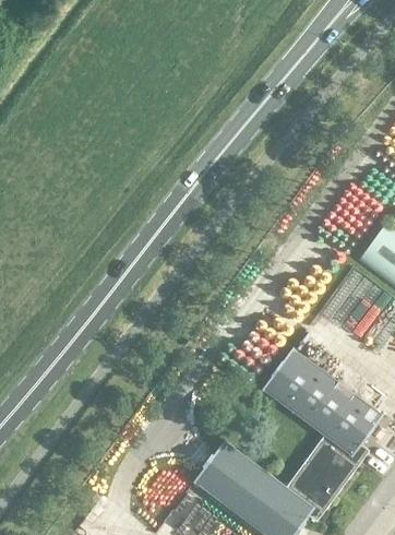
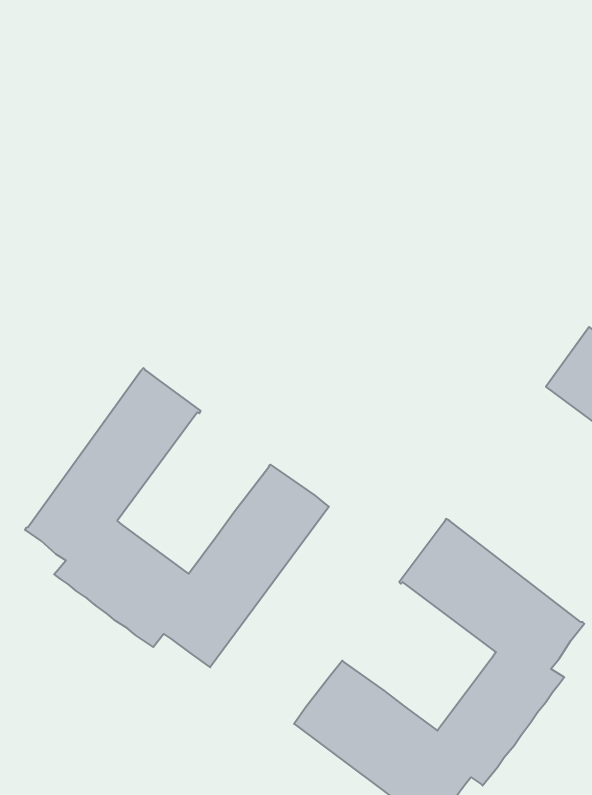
building: none -> [25,368,329,667]

